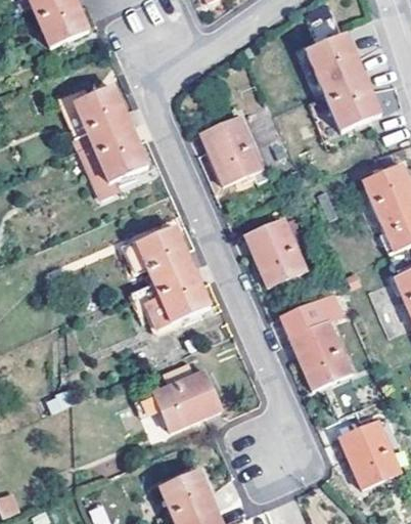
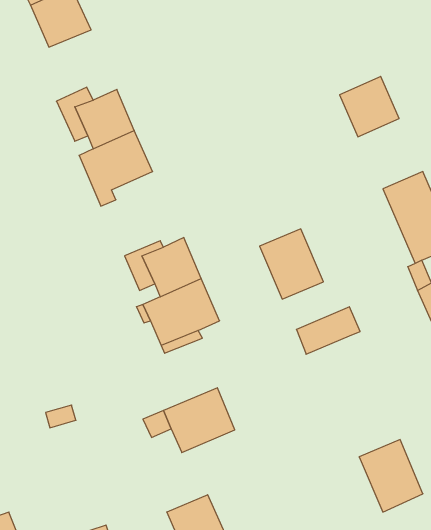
building: [306,36,361,92] -> none
building: [201,117,261,183] -> none
building: [290,320,354,390] -> none

